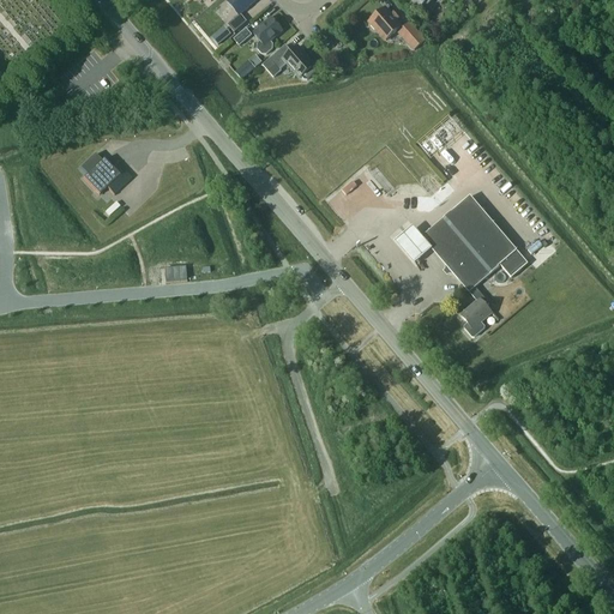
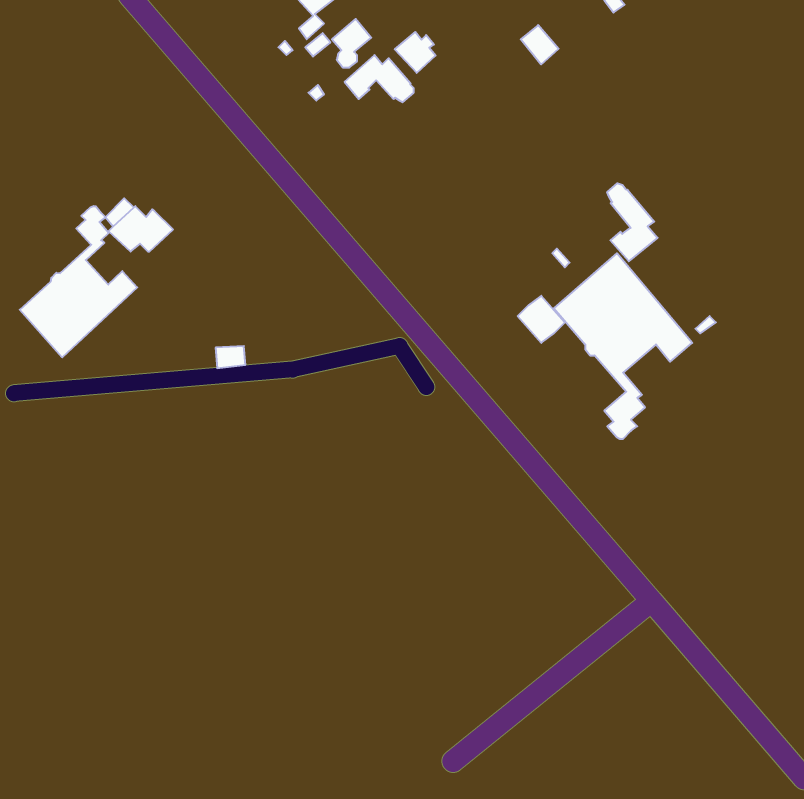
building: [369,6,401,37] -> [395,32,436,73]
building: none -> [607,183,658,261]
building: none -> [20,206,137,357]

